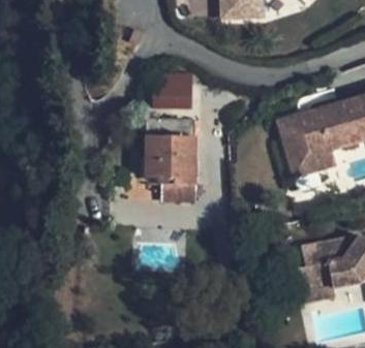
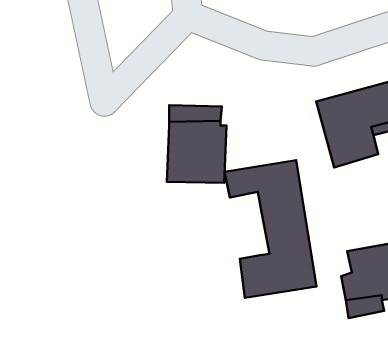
building: [153,72,193,108] -> none
building: none -> [225,160,316,298]

